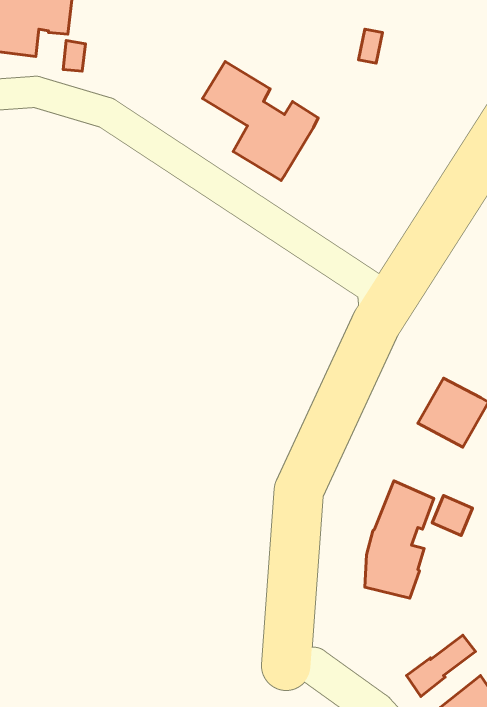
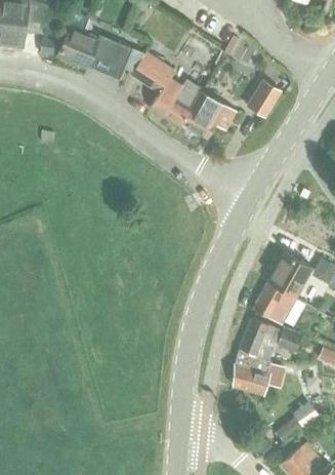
building: none -> [57,26,133,80]
building: none -> [246,79,280,116]
building: none -> [182,92,235,137]
building: none -> [252,281,296,324]

